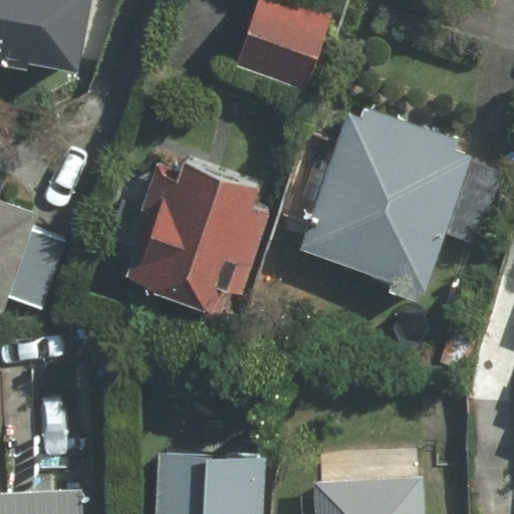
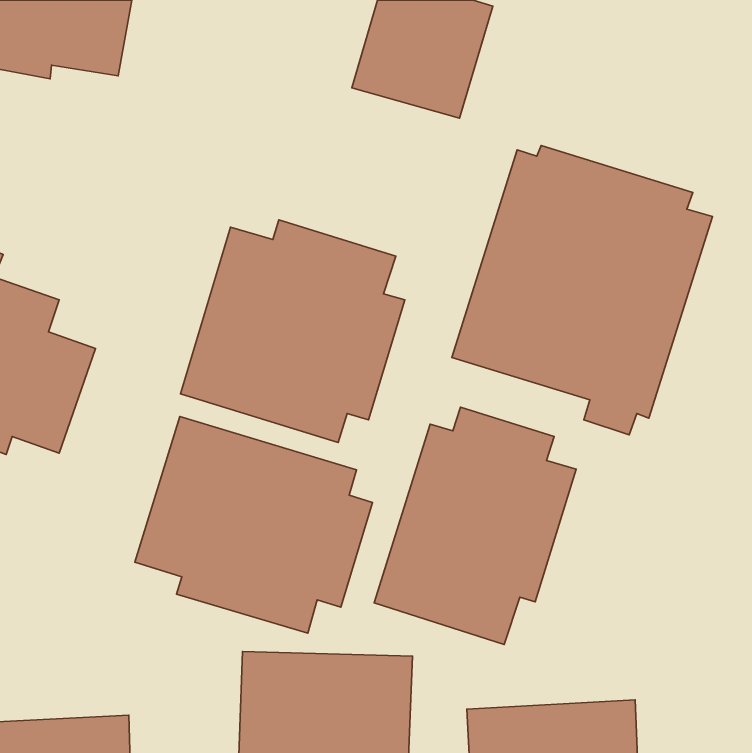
building: none -> [374,407,576,645]
building: none -> [135,417,373,633]

